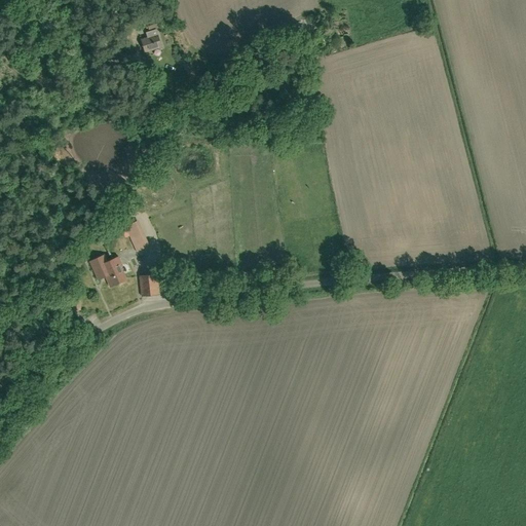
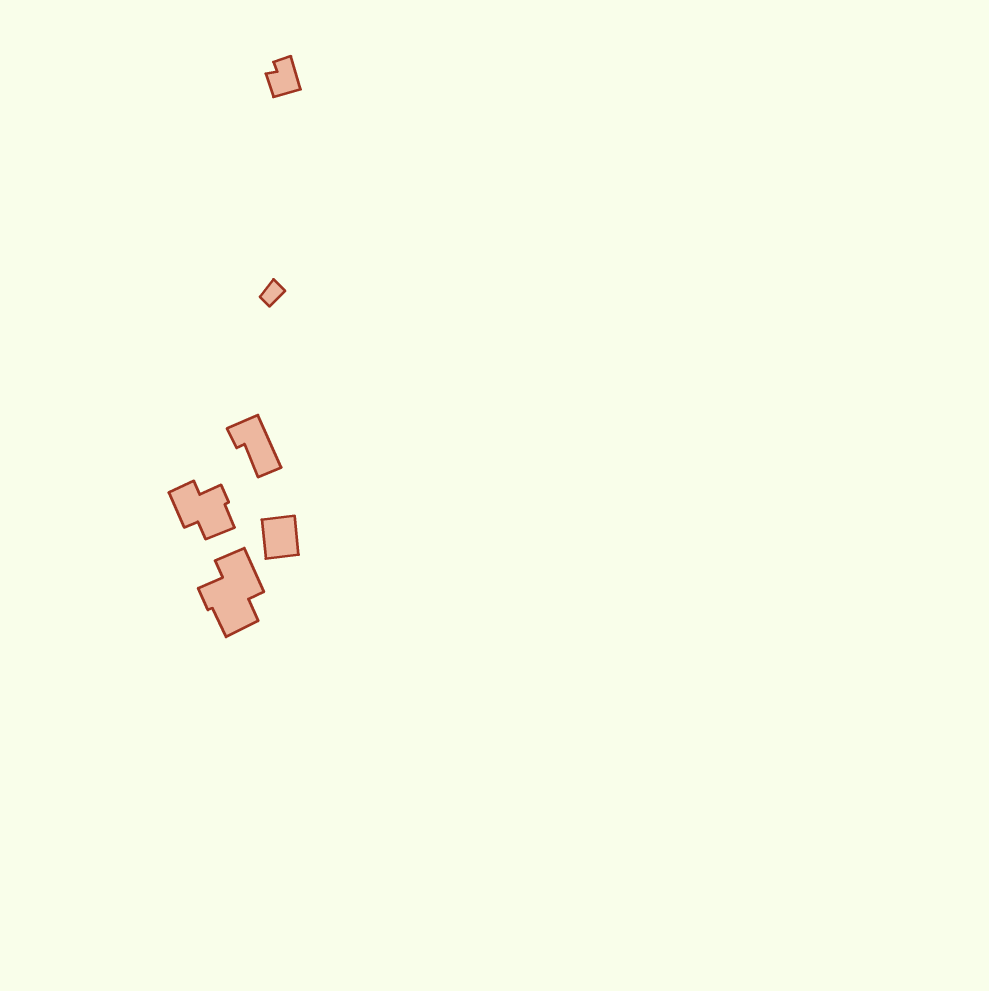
building: none -> [198,548,264,637]

